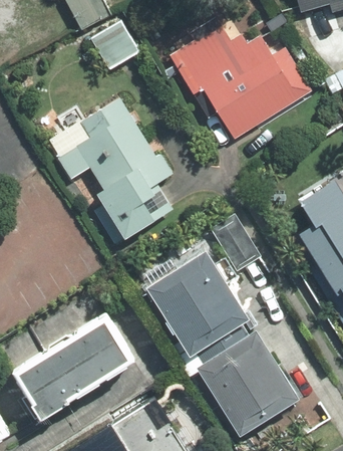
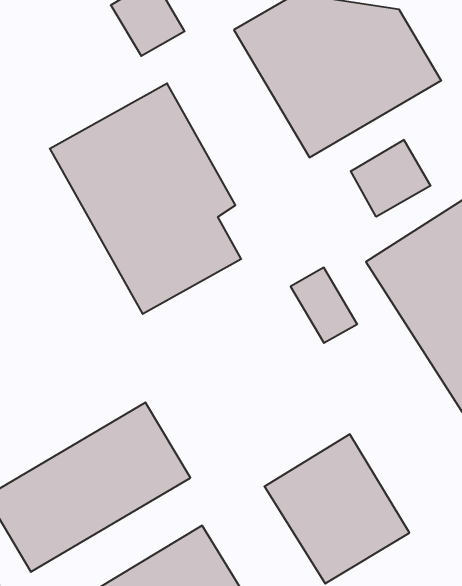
building: none -> [351,140,431,217]
building: [144,247,249,358] -> none

